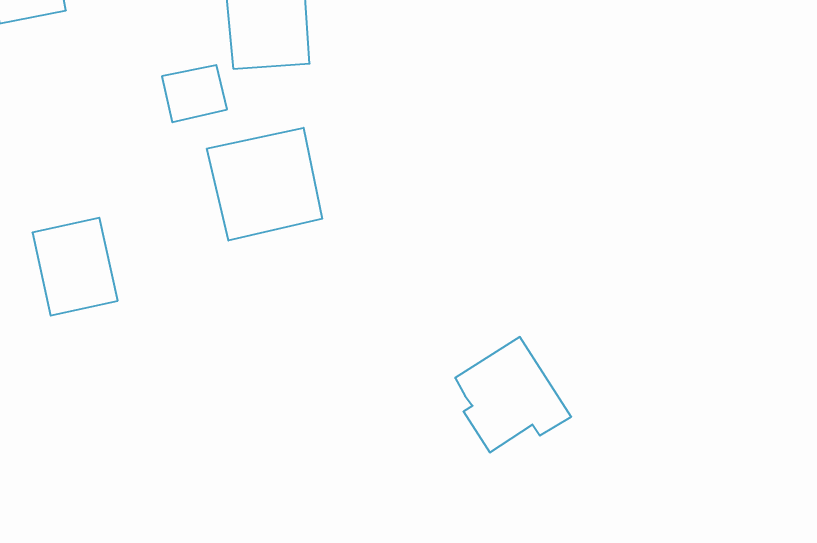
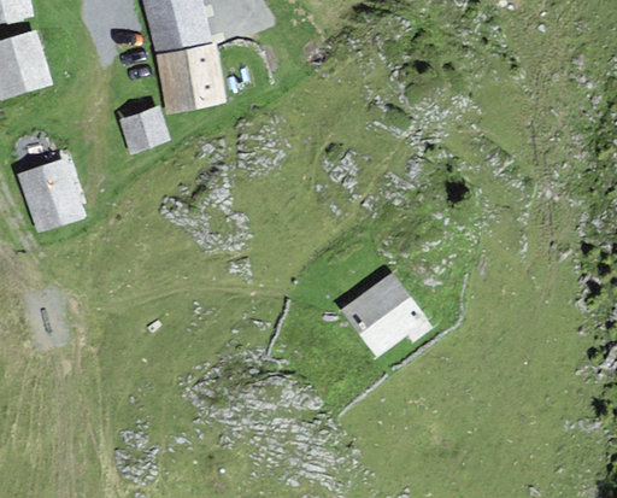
building: [207,128,322,241] -> none
building: [32,218,118,316] -> [18,158,83,230]

